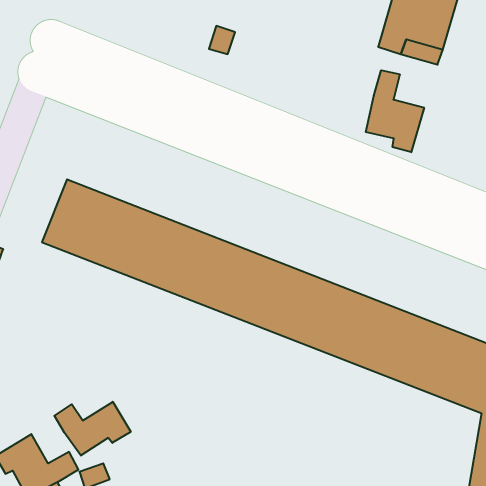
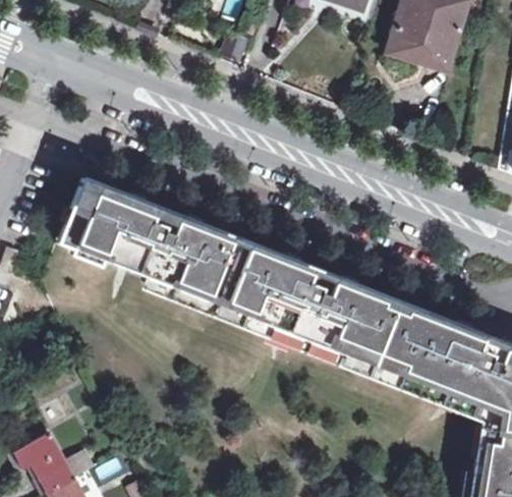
building: [366,70,424,152] -> none
building: [54,402,131,456] -> none

